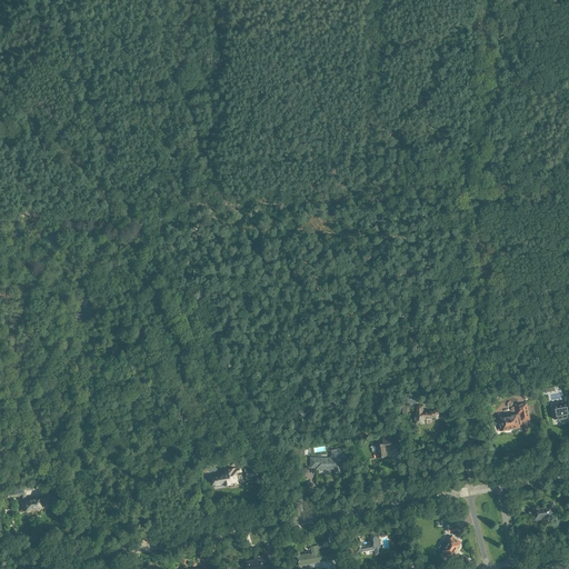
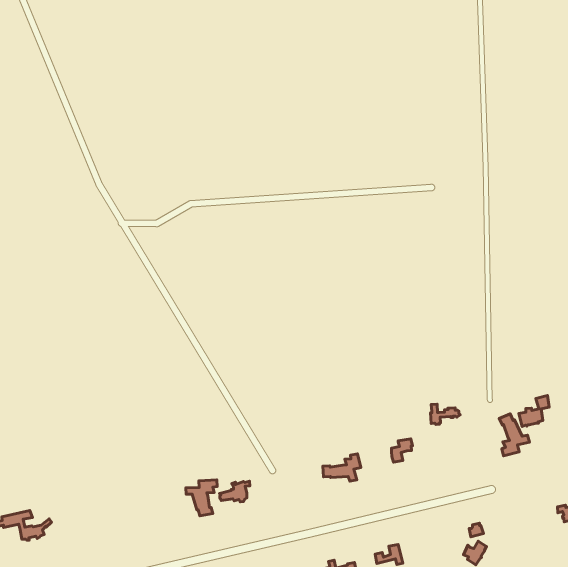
building: none -> [499,414,529,456]
building: none -> [186,480,217,516]

